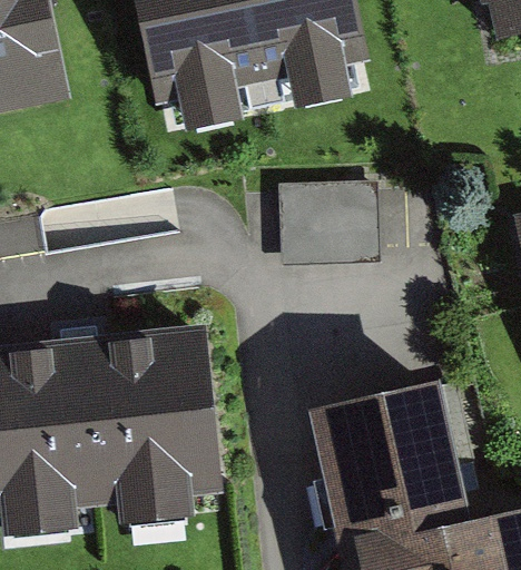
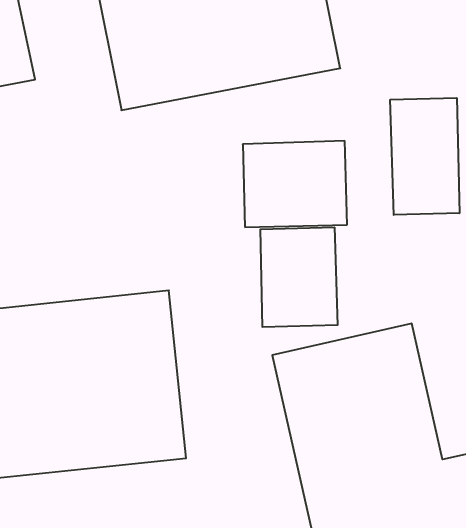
building: none -> [390,98,459,215]
building: none -> [260,227,338,327]

